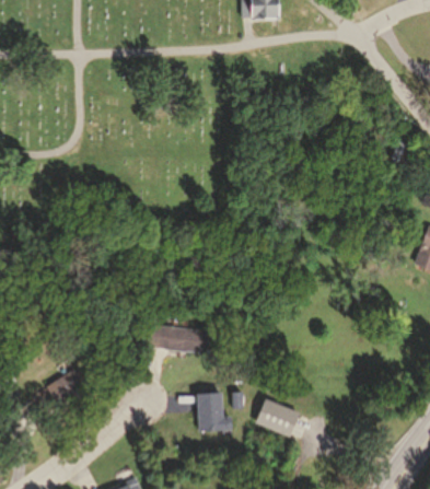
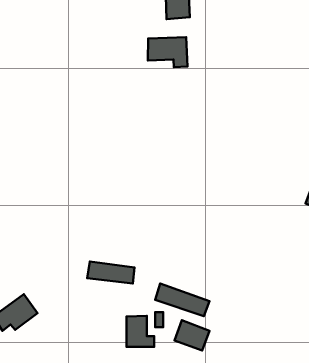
building: none -> [148,37,187,67]
building: none -> [155,284,209,316]

